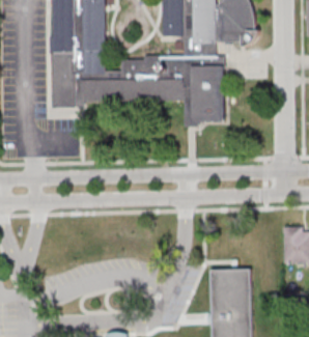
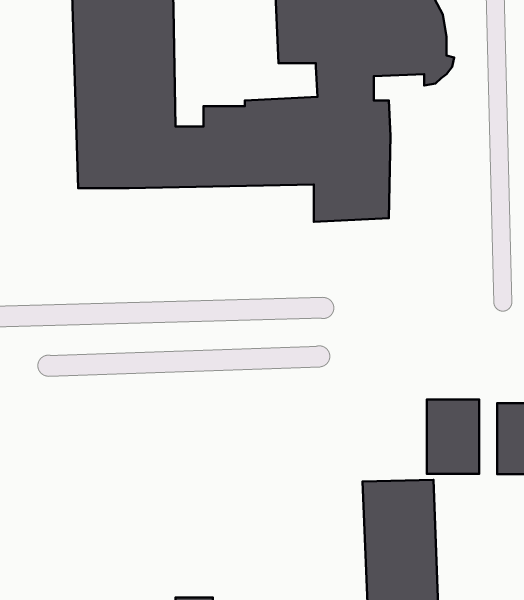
building: none -> [427,400,479,474]

